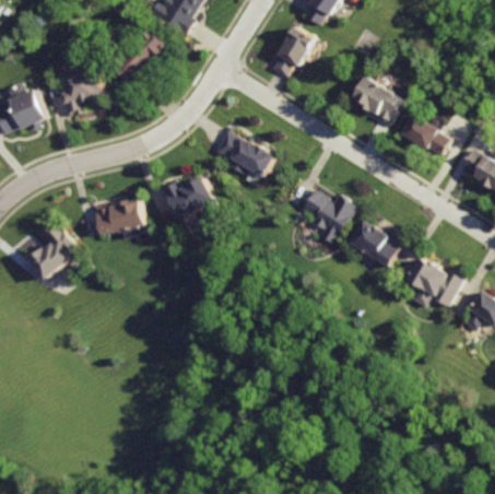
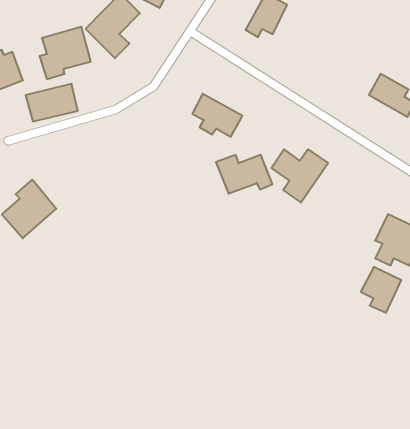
building: [351,75,405,125] -> none
building: [156,178,215,219] -> [216,155,272,194]
building: [86,198,141,237] -> [26,84,78,121]
building: [346,217,404,269] -> none
building: none -> [361,267,401,313]

